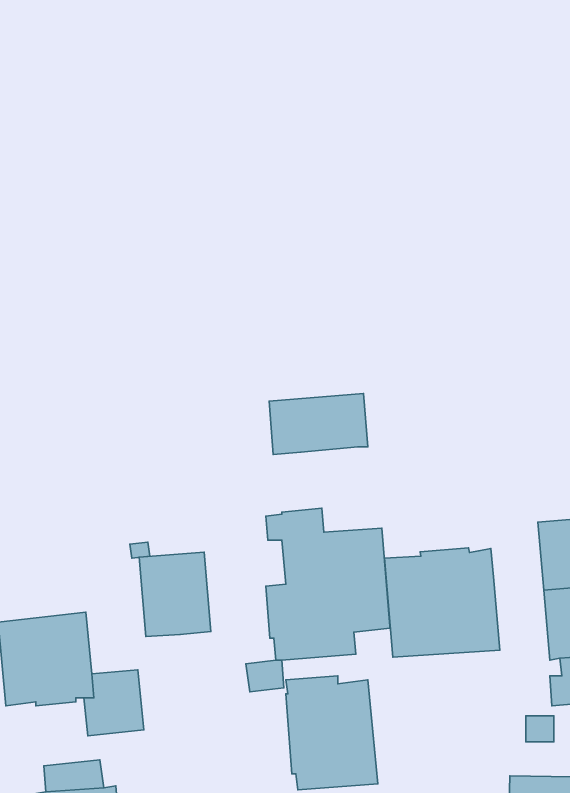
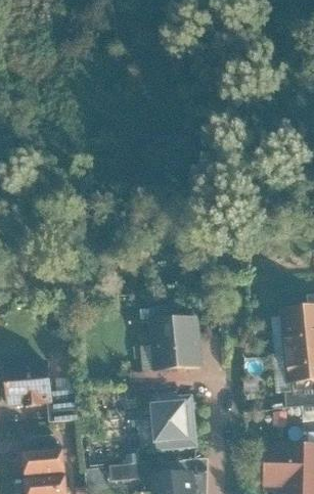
building: [269,393,368,455] -> none
building: [384,548,500,657] -> none
building: [139,552,211,637] -> none

